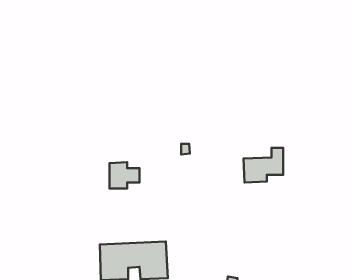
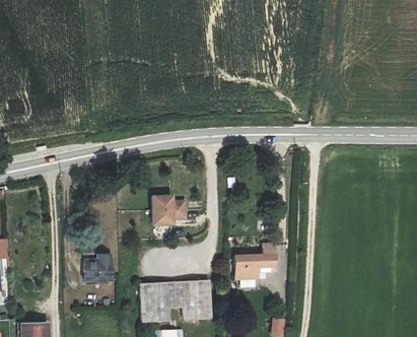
building: [243,148,283,183] -> [233,242,275,278]
building: none -> [82,255,110,281]

